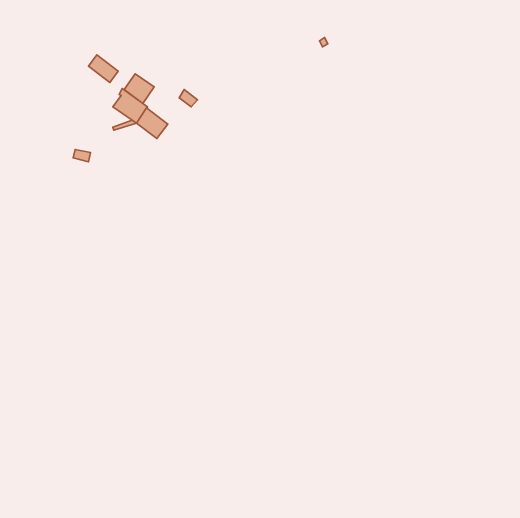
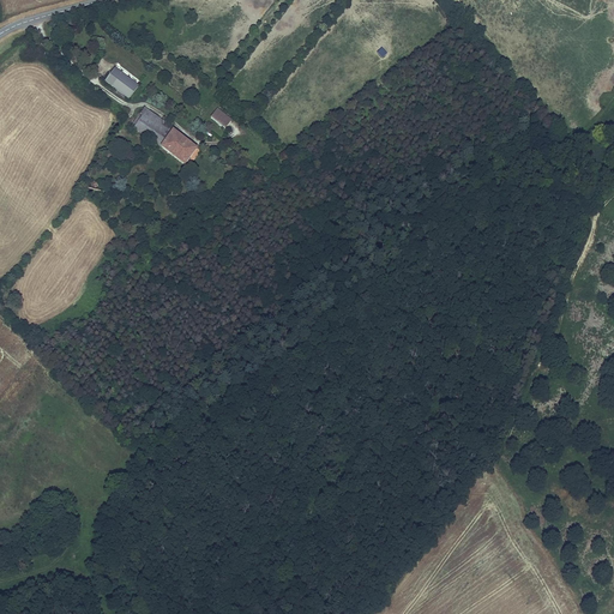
building: [124,74,154,103] -> none

